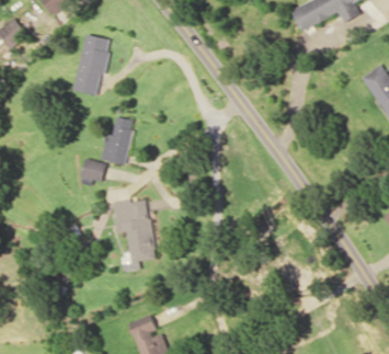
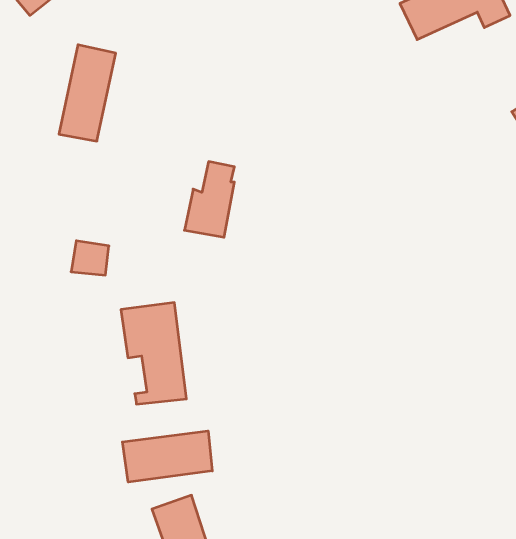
building: [100,116,131,164] -> [184,162,234,237]
building: none -> [122,431,212,482]

